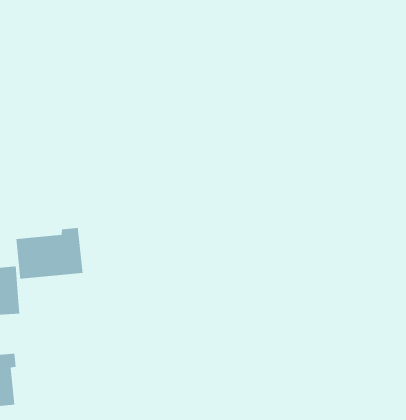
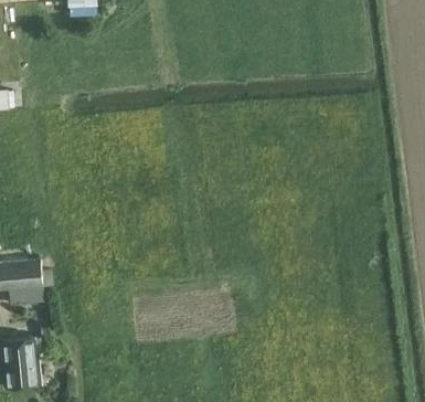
building: [16,227,83,280] -> none

